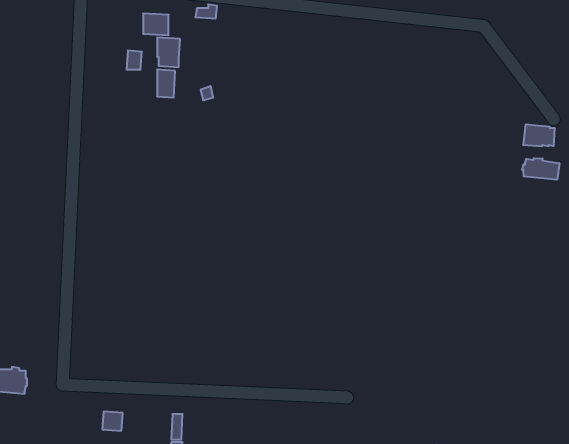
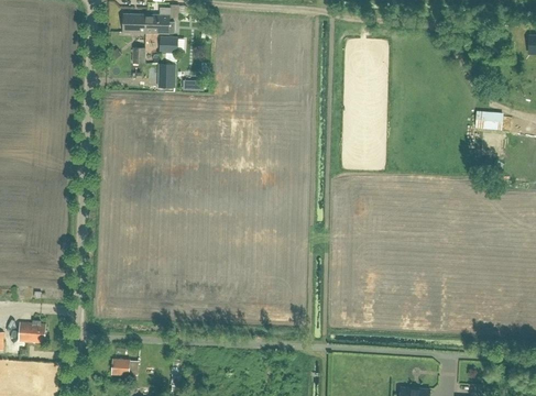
building: none -> [122,13,146,32]
building: [522,158,559,180] -> none

